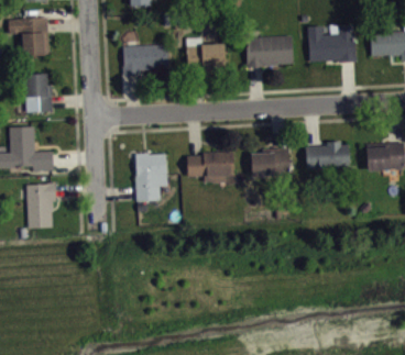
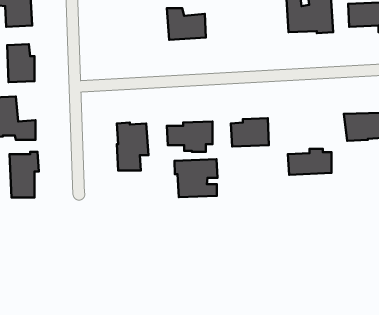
building: [245,35,292,67] -> none
building: [122,45,168,76] -> none
building: [305,142,349,168] -> [288,149,331,175]
building: none -> [175,159,217,197]

